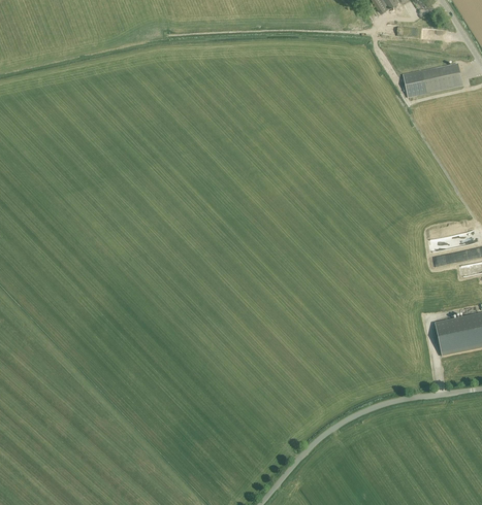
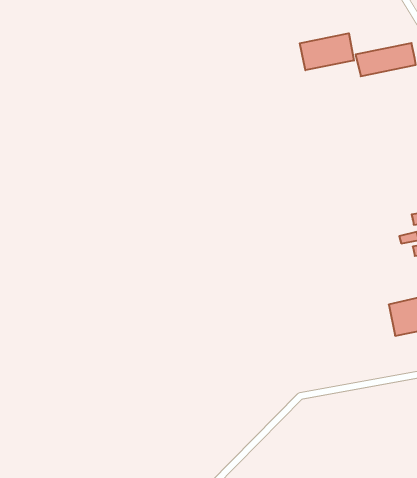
building: none -> [300,33,354,70]

